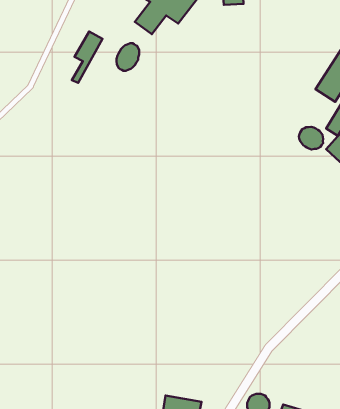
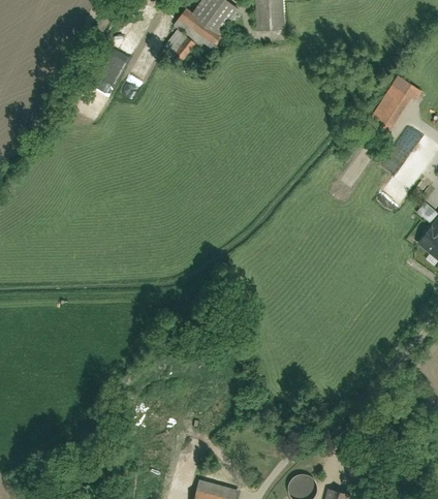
building: [116,43,139,71] -> none
building: [299,127,323,149] -> none

